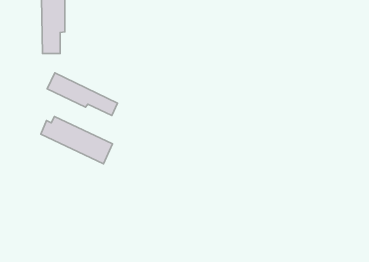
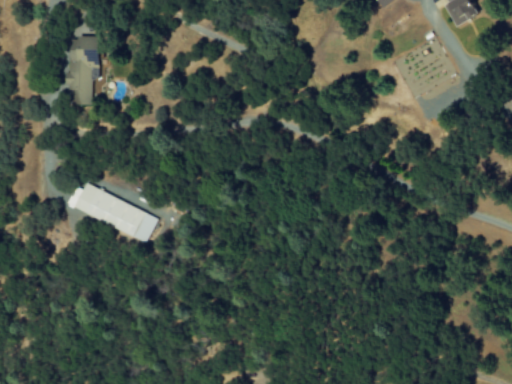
building: [47,73,117,115] -> none

